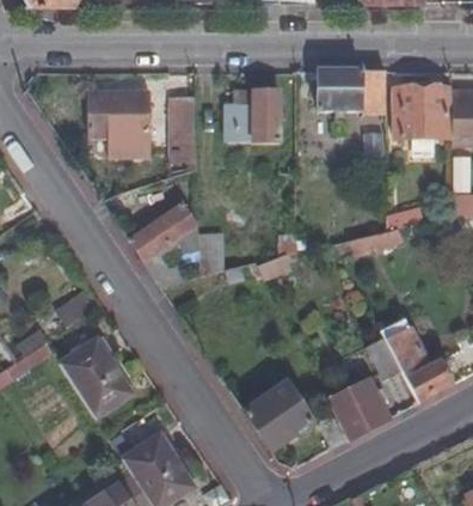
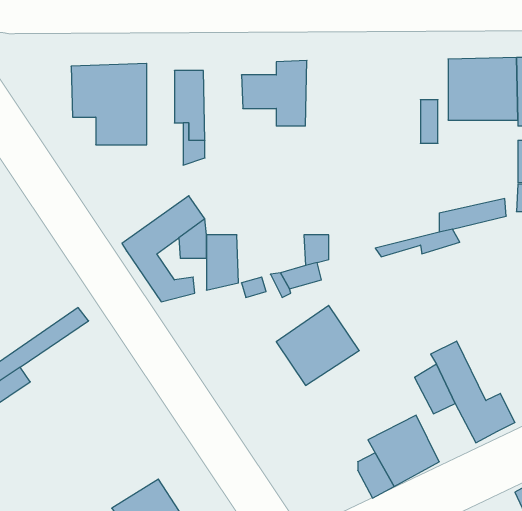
building: [317,71,386,111] -> none
building: [57,340,129,416] -> none
building: [246,384,314,450] -> [276,305,359,385]

